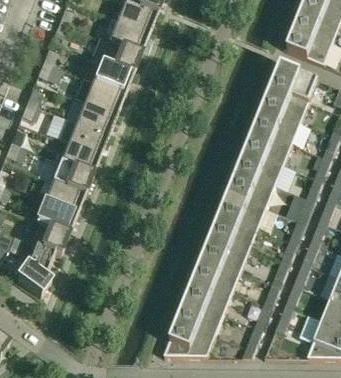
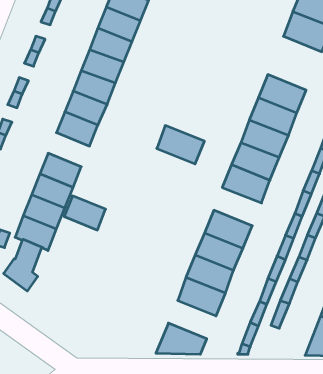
building: [270,62,316,100] -> none
building: [58,141,98,174] -> [64,196,106,230]
building: [218,194,264,231] -> [157,126,204,164]
building: [174,303,220,340] -> none

